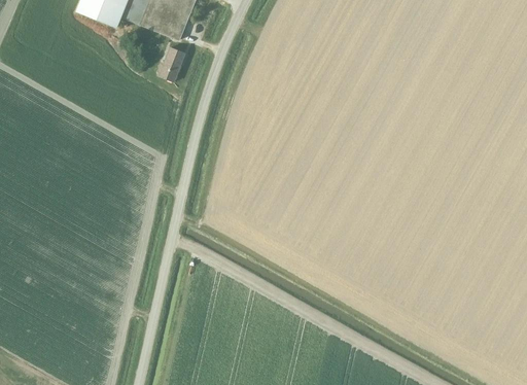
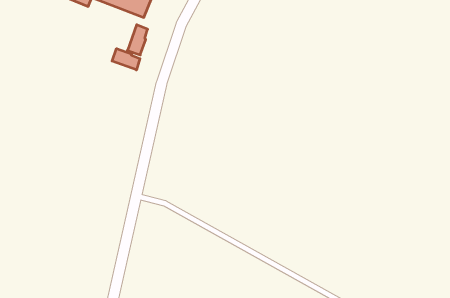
building: none -> [112,49,140,70]

